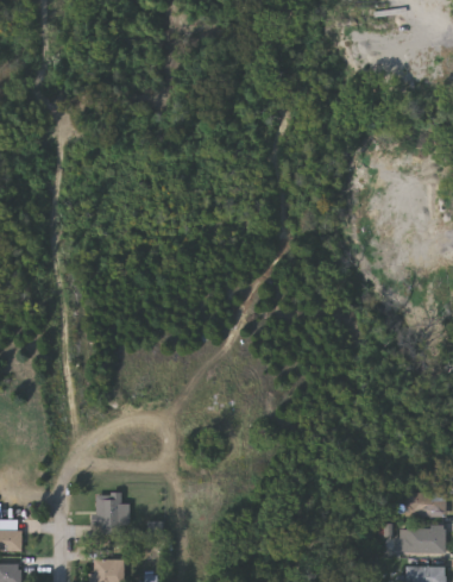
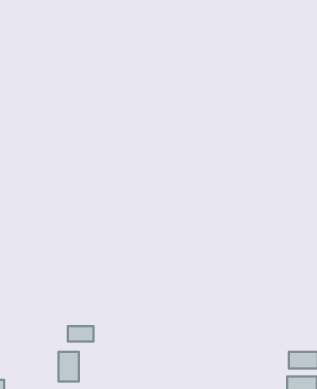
building: none -> [68,326,93,341]

